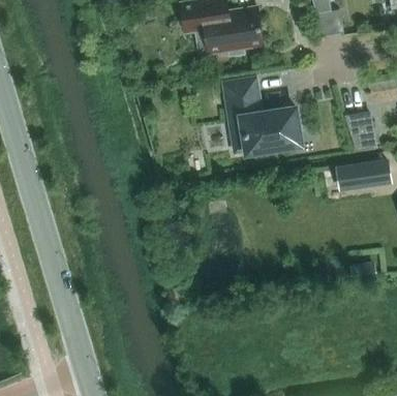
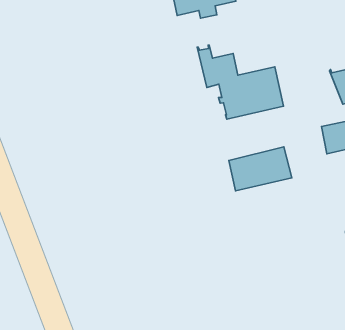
building: none -> [229,147,292,191]

